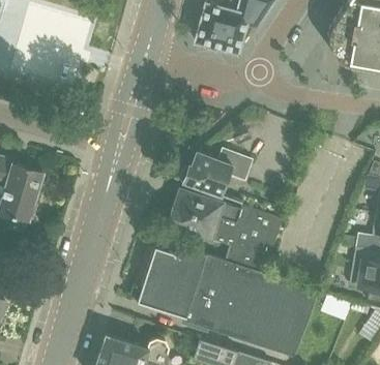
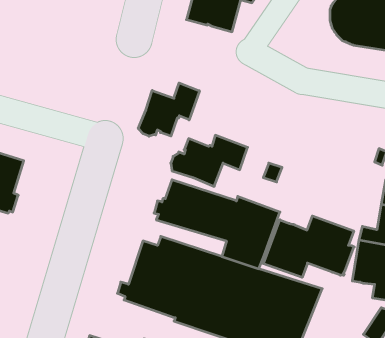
building: none -> [138,83,199,136]
building: none -> [263,216,354,277]

